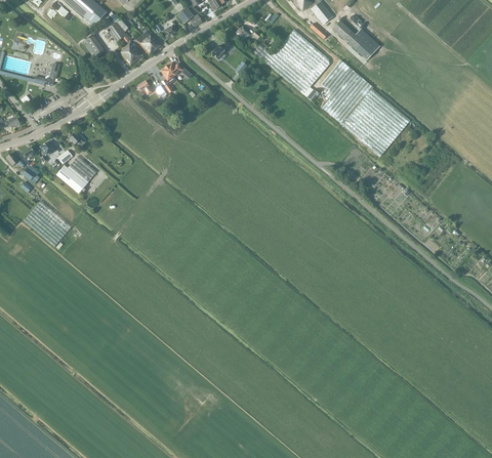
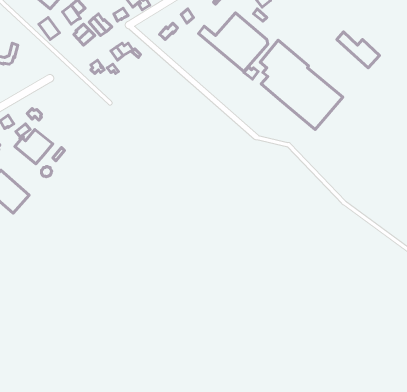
building: [333,20,379,59] -> [337,32,379,68]

